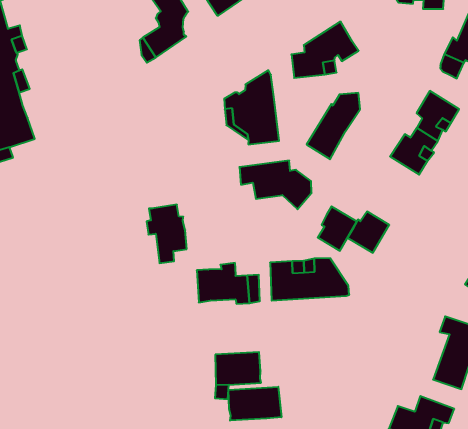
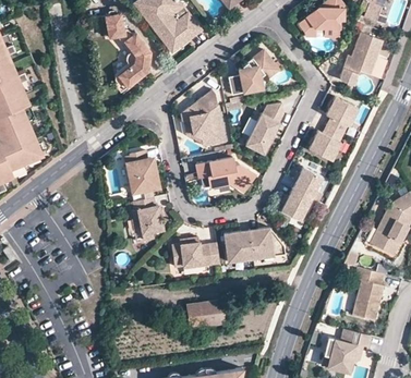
building: none -> [124,150,158,202]
building: [318,206,357,251] -> [294,168,323,200]
building: [229,387,281,421] -> none

